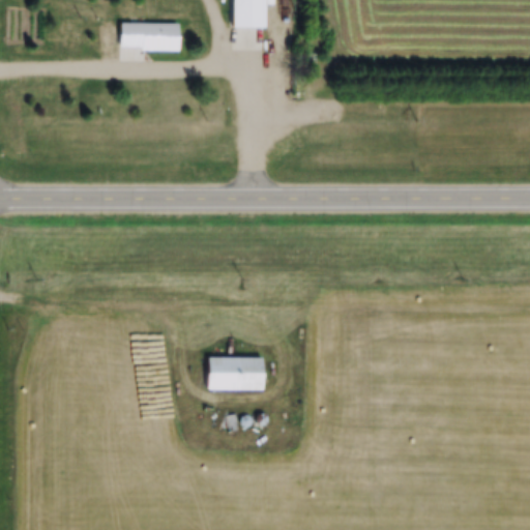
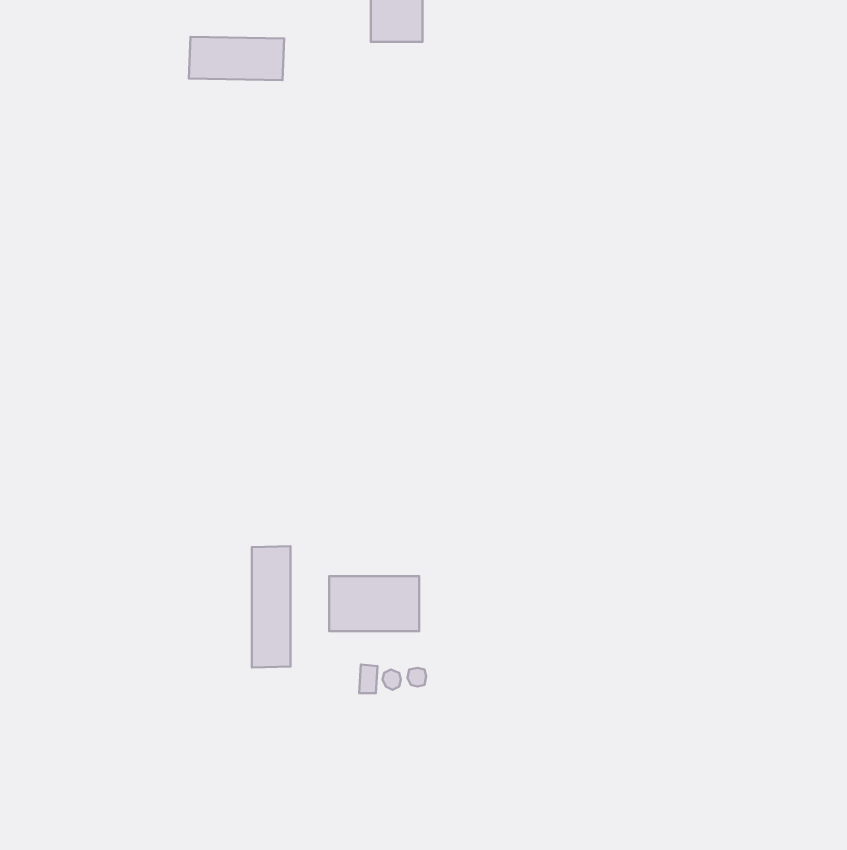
building: none -> [252,546,291,668]

